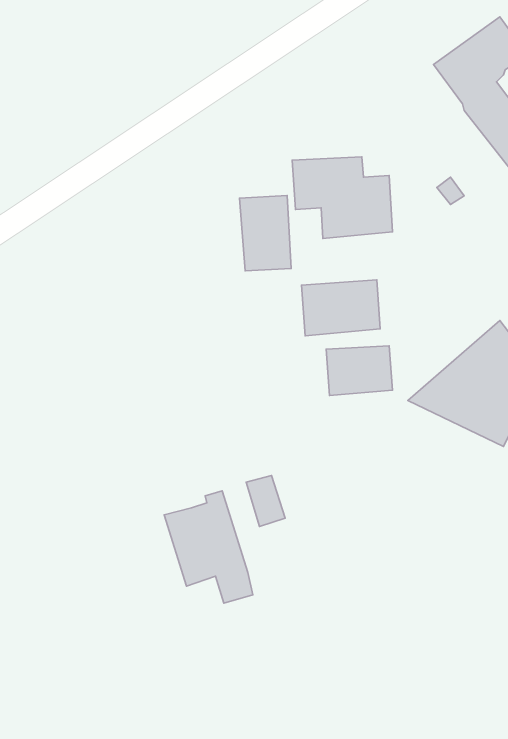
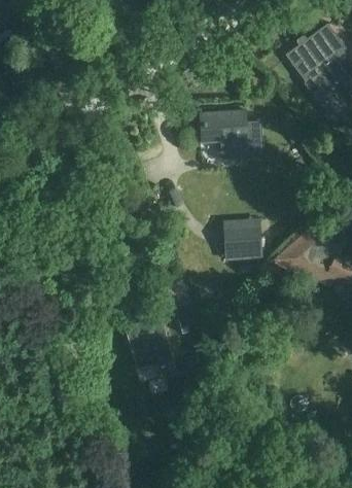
building: [240,195,291,271] -> none
building: [301,280,380,336] -> none

